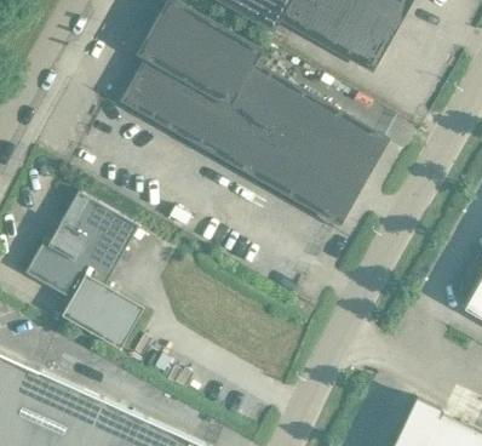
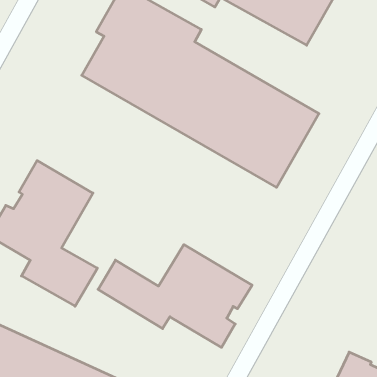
building: none -> [98,245,252,347]

